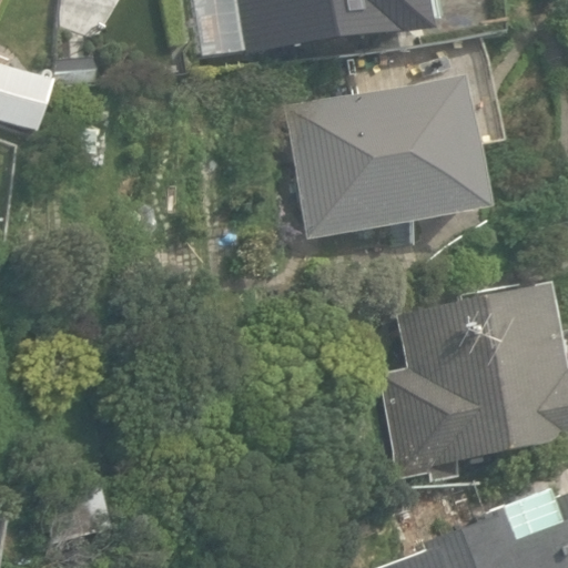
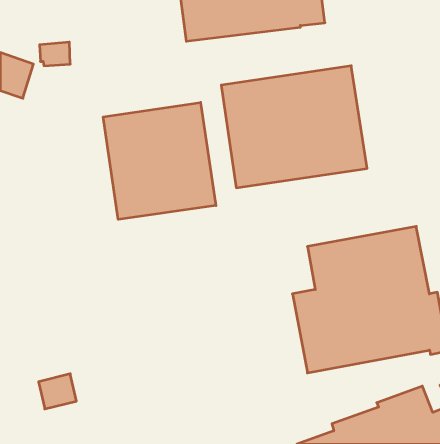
building: none -> [103,102,216,219]

